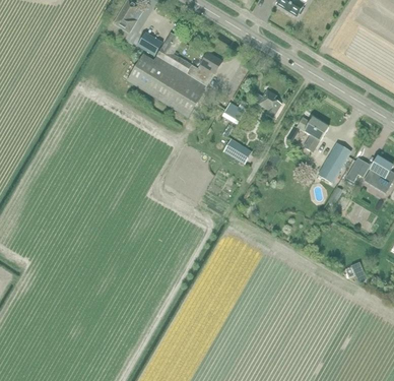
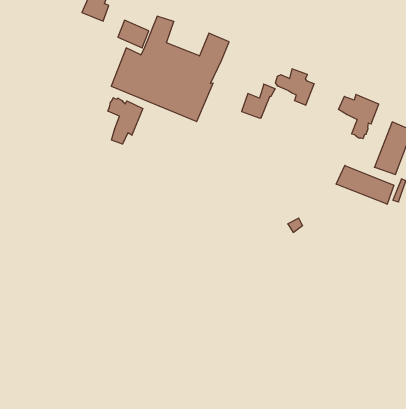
building: none -> [108,98,143,144]
building: [222,138,252,165] -> none
building: none -> [336,165,394,204]

